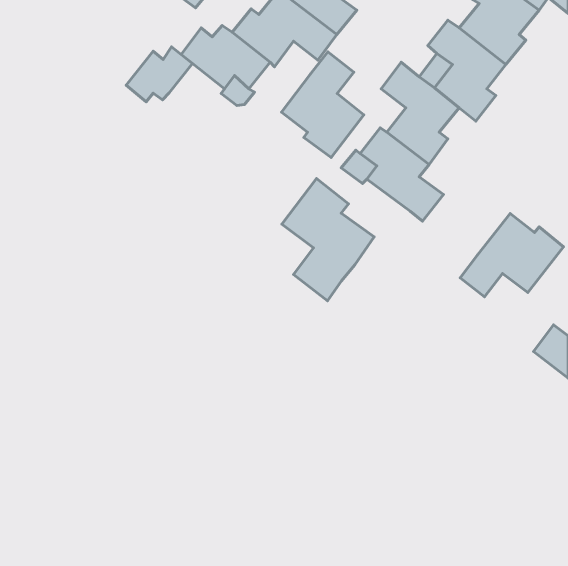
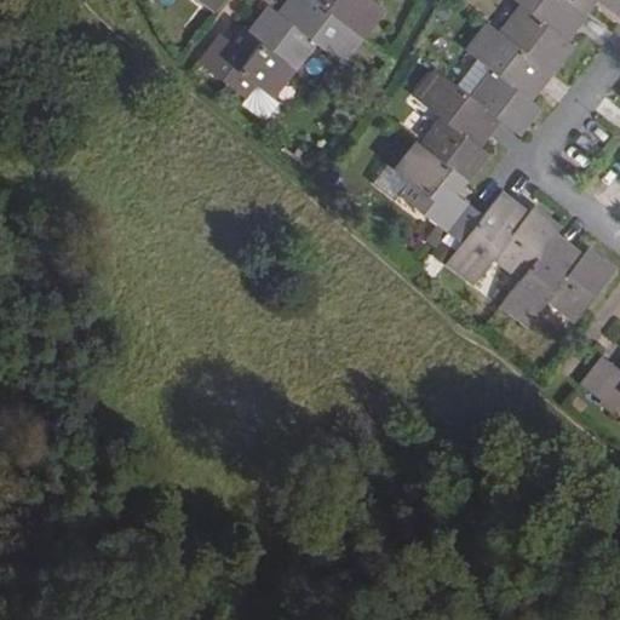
building: [126,47,192,102] -> none
building: [281,52,364,158] -> none
building: none -> [446,190,561,282]
building: [282,179,374,301] -> none

